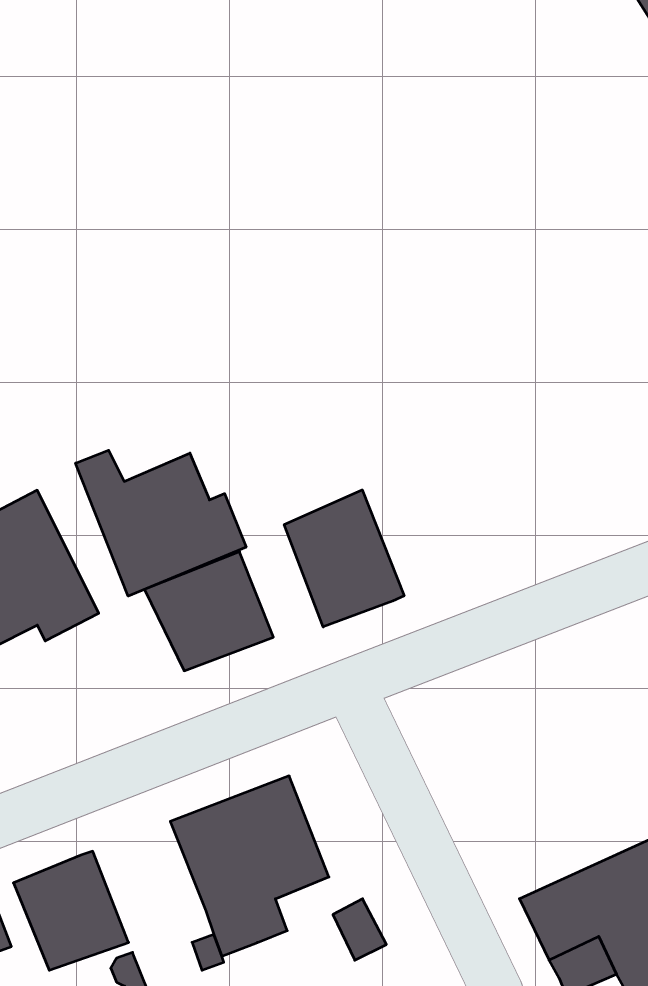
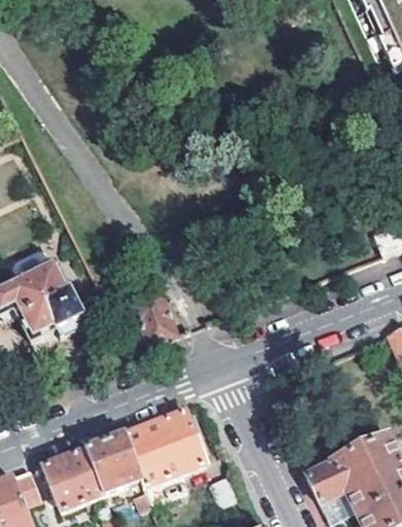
building: [76,450,246,596] -> none
building: [284,490,404,627] -> none
building: none -> [83,431,142,494]

